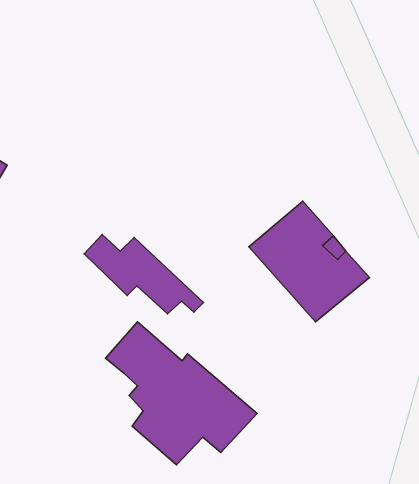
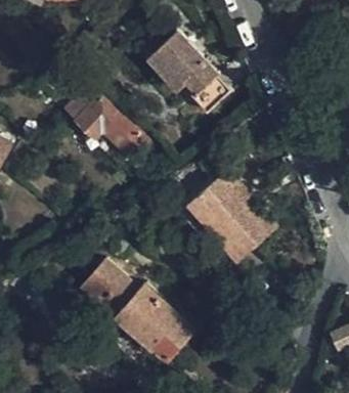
building: none -> [149,31,227,111]
building: [84,235,204,314] -> [63,94,151,152]

